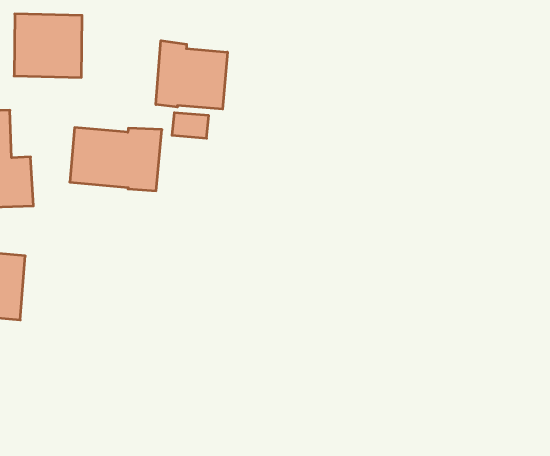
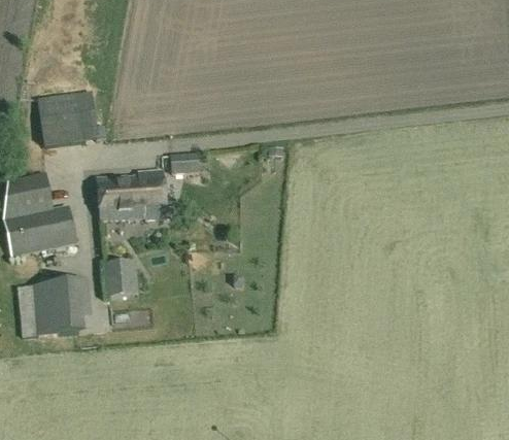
building: [156,41,227,109] -> none
building: none -> [106,263,134,296]

